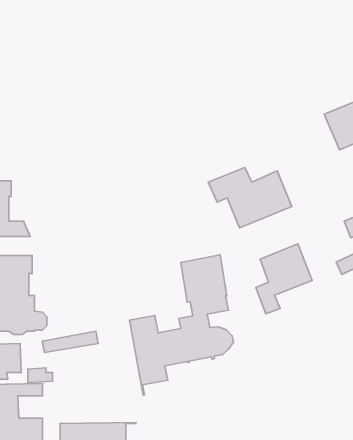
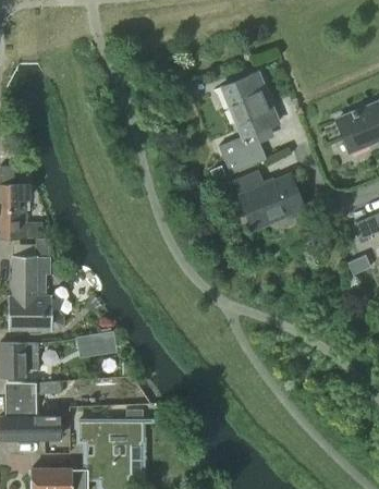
building: none -> [219,73,279,174]
building: [256,244,312,314] -> none
building: [129,255,233,395] -> none

